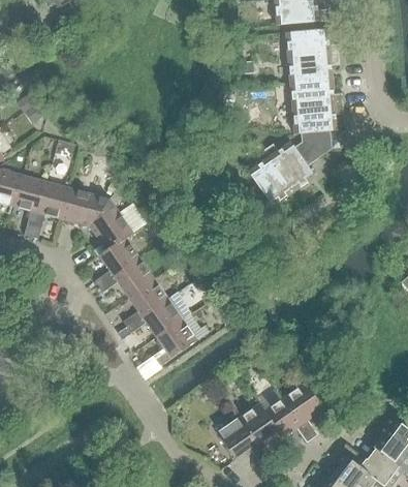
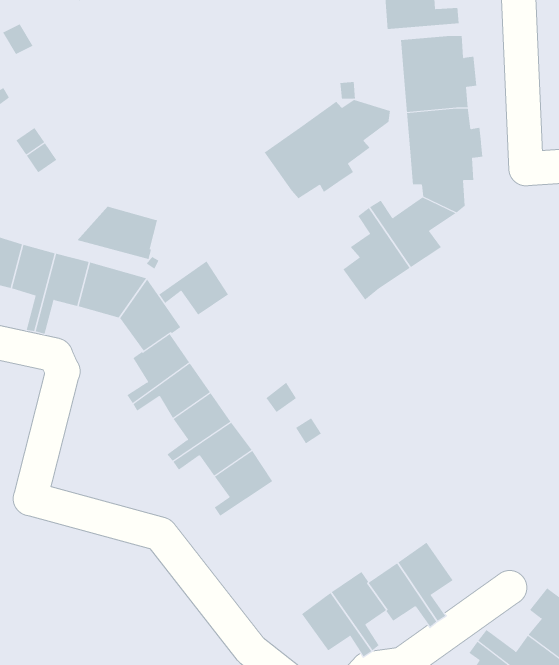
building: none -> [264,99,390,199]
building: none -> [76,206,158,260]
building: none -> [158,261,229,315]

